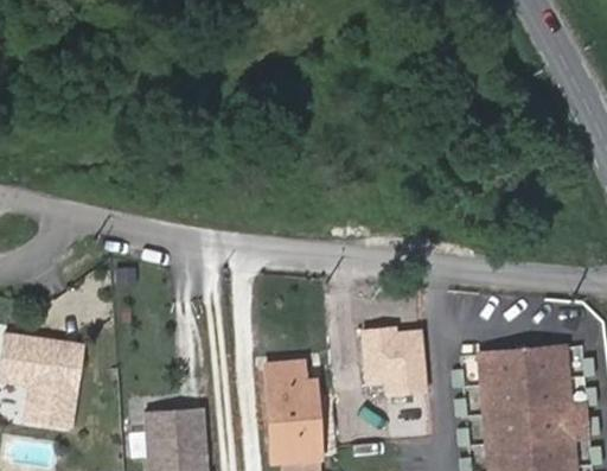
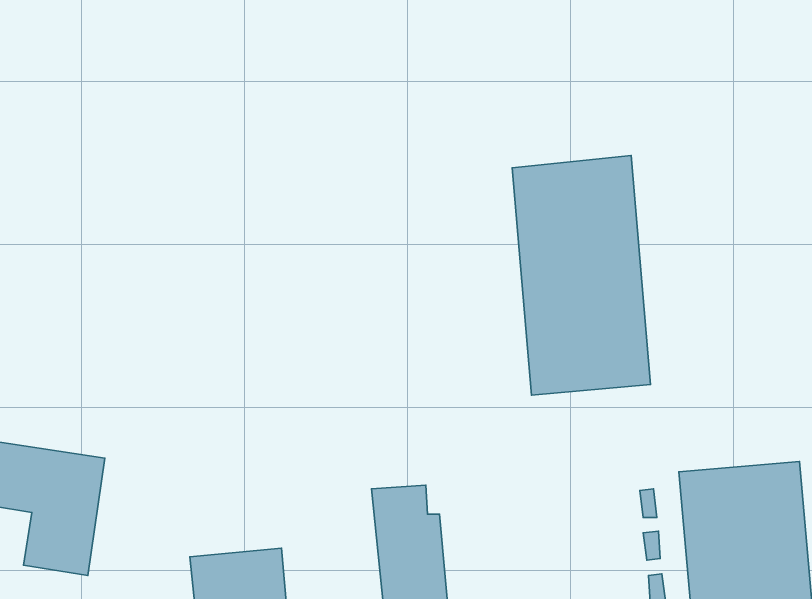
building: none -> [512,155,651,395]
building: [362,326,428,396] -> none

